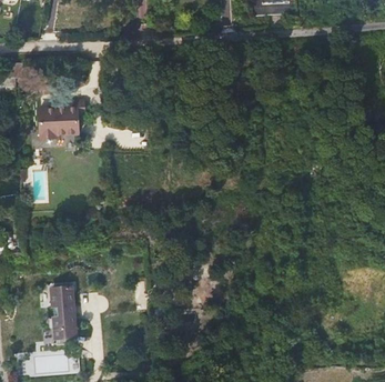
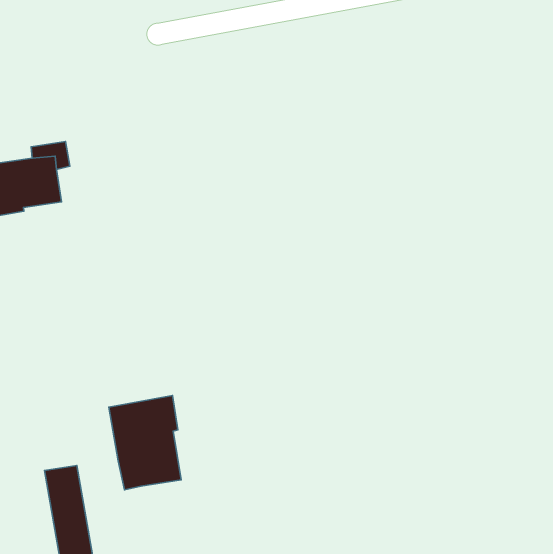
building: none -> [109,396,181,490]

